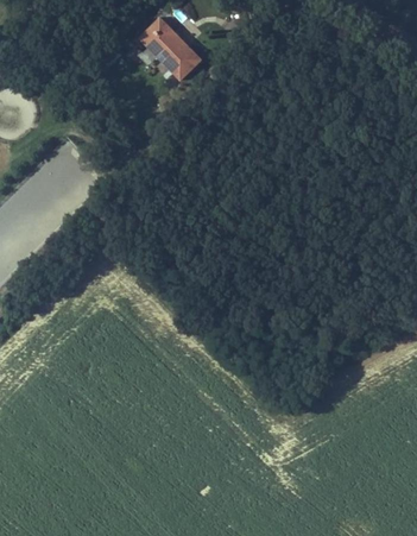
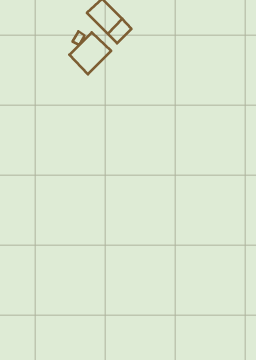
building: none -> [69,32,111,74]

